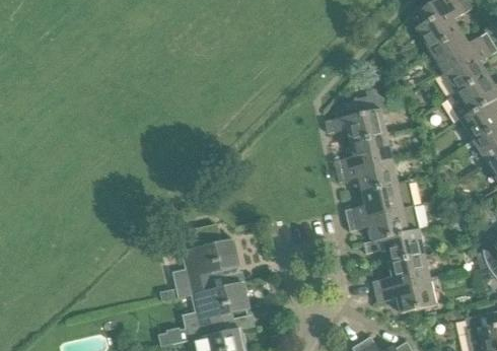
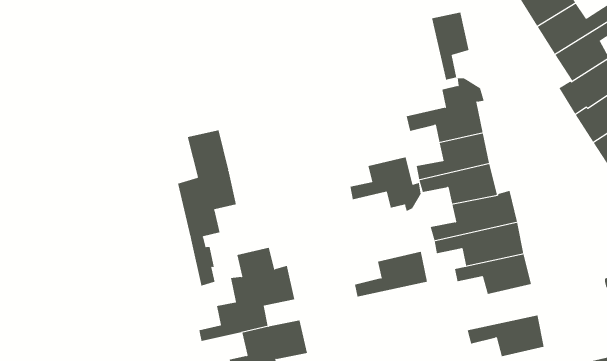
building: none -> [432,11,469,80]
building: none -> [177,129,236,287]
building: none -> [350,157,421,212]
building: [372,256,431,292] -> [354,251,428,297]

